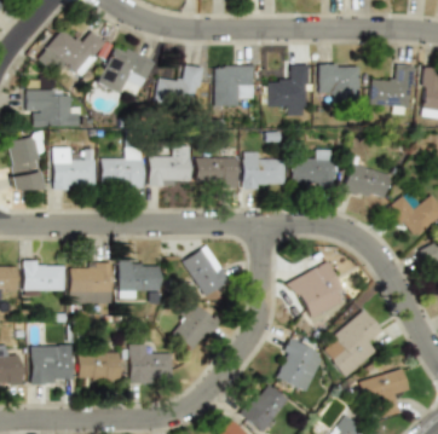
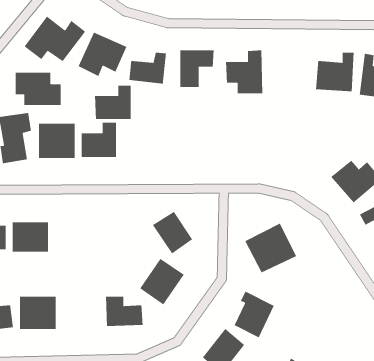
building: [318,64,359,100] -> none
building: [148,146,190,186] -> [94,85,131,120]
building: [196,149,238,186] -> none
building: [293,152,334,187] -> none
building: [243,154,286,187] -> none
building: [344,164,390,201] -> none
building: [119,261,160,302] -> none
building: [70,262,113,305] -> none
building: [321,311,381,377] -> none
building: [77,352,120,382] -> none
building: [359,370,409,411] -> none

